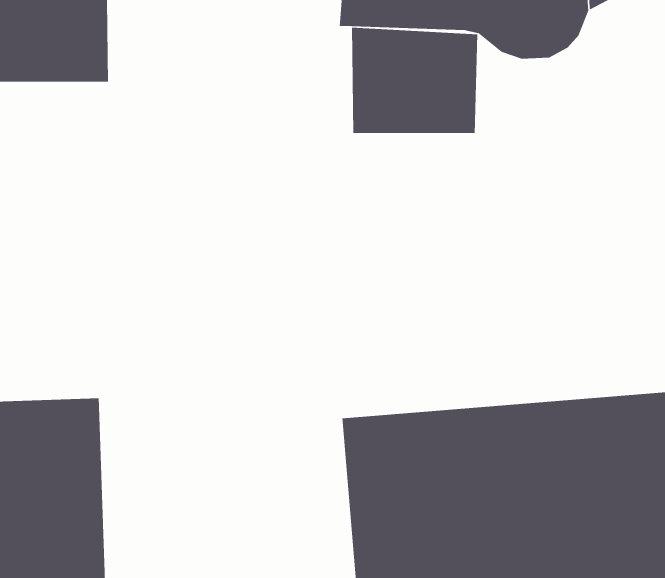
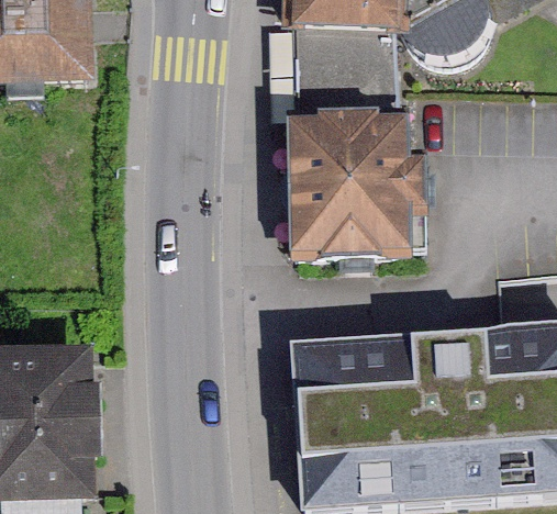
building: none -> [287,112,427,260]

